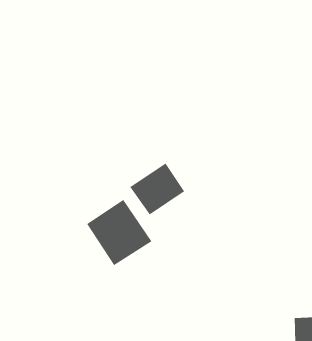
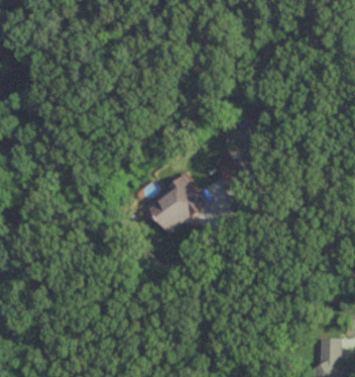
building: [86,199,152,266] -> none

